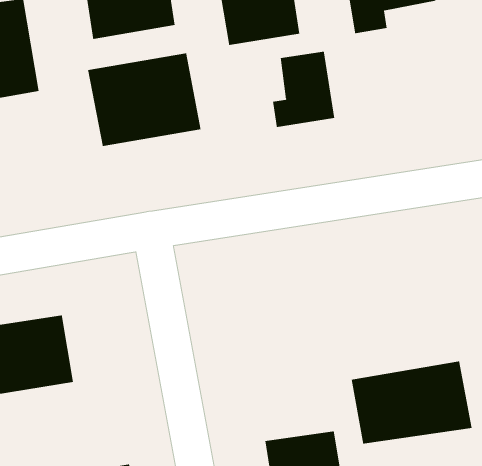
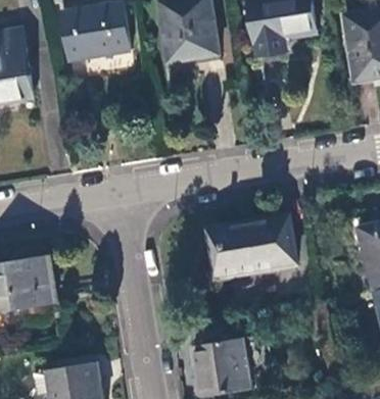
building: [272,51,335,128] -> none
building: [88,52,201,147] -> none
building: [351,361,473,444] -> [209,217,296,277]

